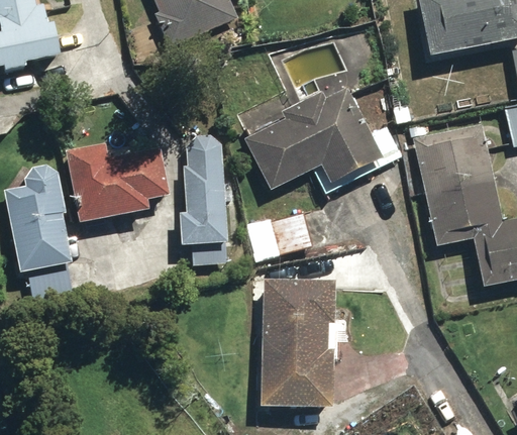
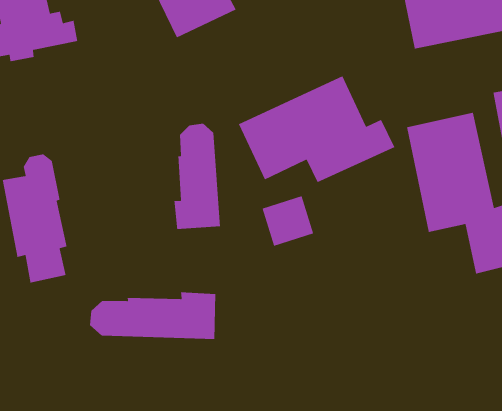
building: [67,139,174,221] -> none
building: [263,277,341,409] -> none
building: none -> [89,291,216,340]

